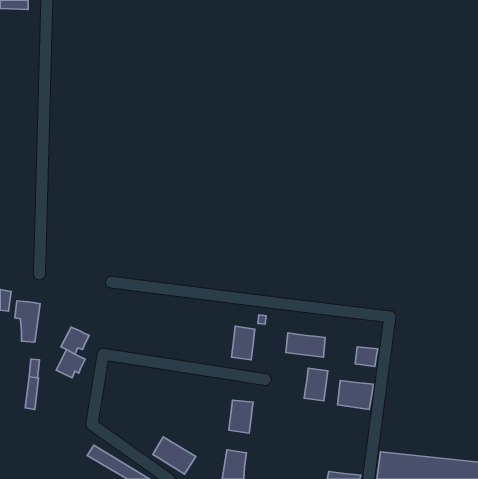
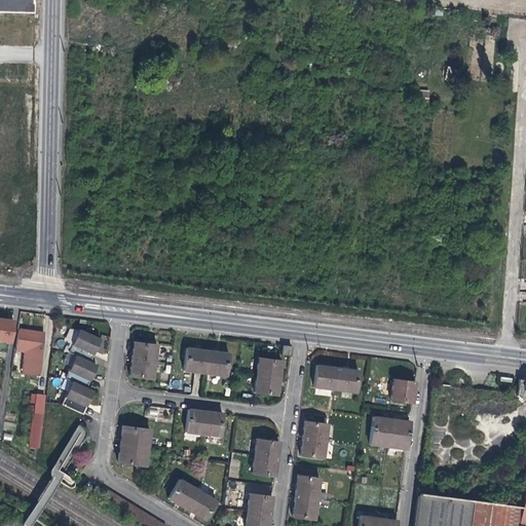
building: none -> [72,331,104,363]
building: none -> [130,341,157,378]
building: none -> [185,348,229,375]
building: [304,368,328,401] -> [301,421,327,457]
building: none -> [186,410,222,436]
building: none -> [118,426,150,465]
building: none -> [293,475,320,519]

